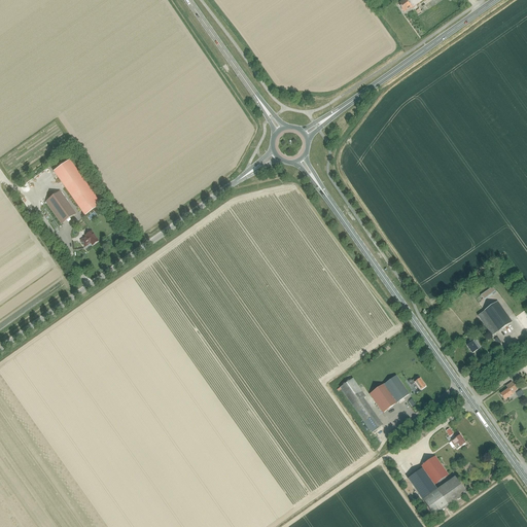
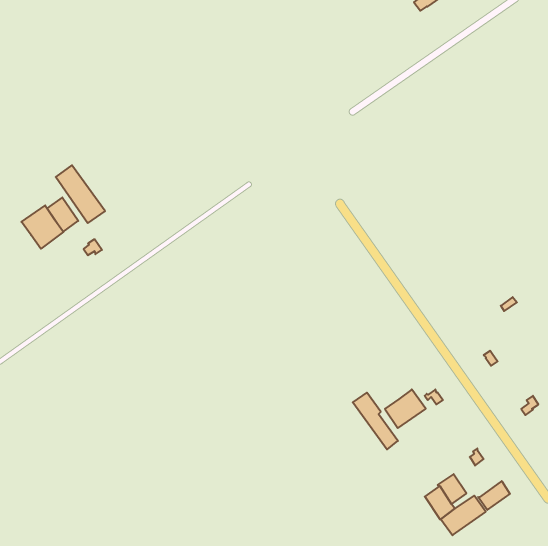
building: none -> [21,205,63,249]
building: [478,300,512,335] -> none
building: none -> [478,481,510,510]

